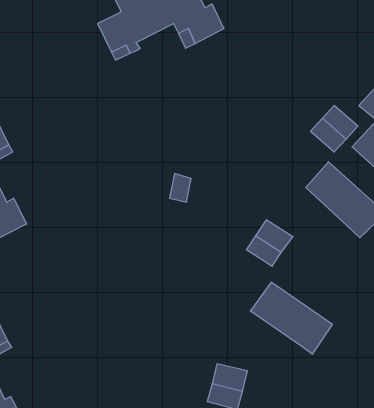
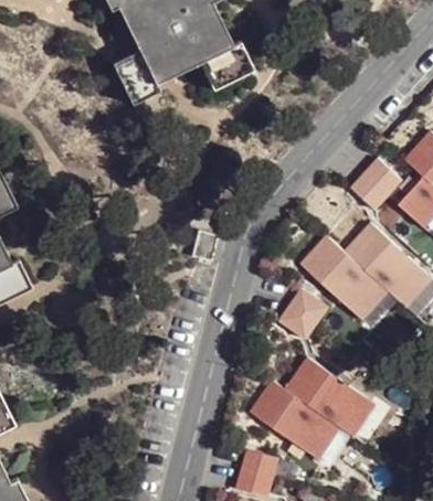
building: none -> [298,233,391,321]
building: none -> [251,380,340,457]

